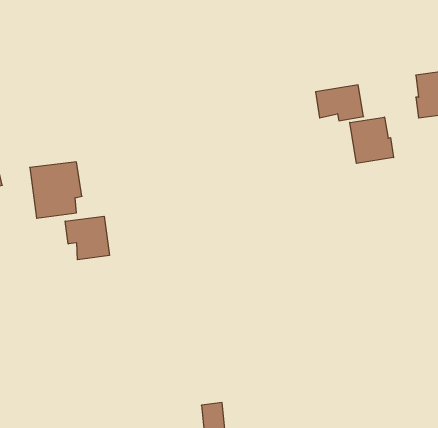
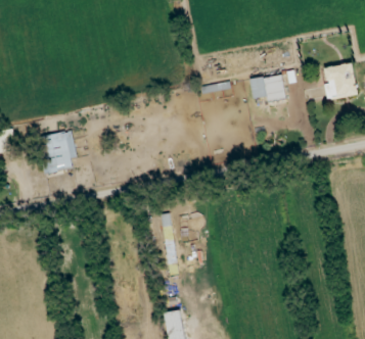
building: [350,117,394,163] -> none
building: [65,216,109,260] -> none

